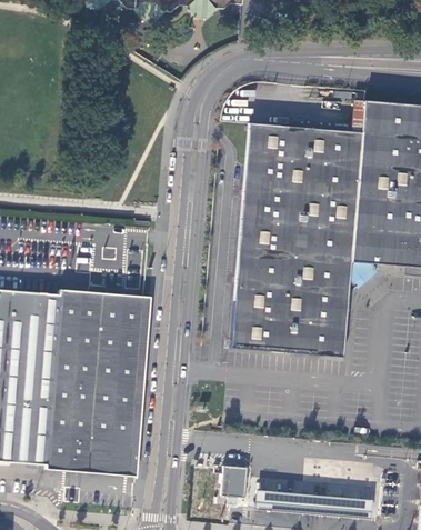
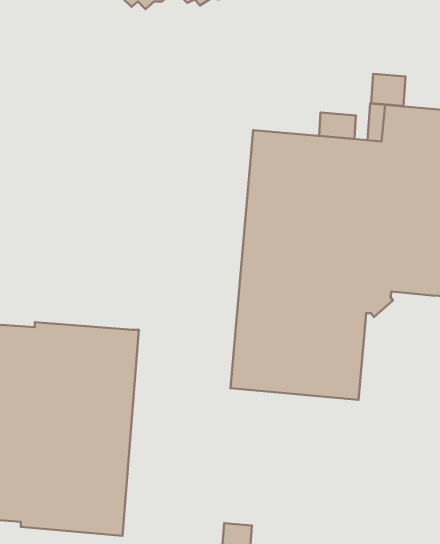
building: none -> [371,74,405,106]
building: none -> [319,113,356,139]

